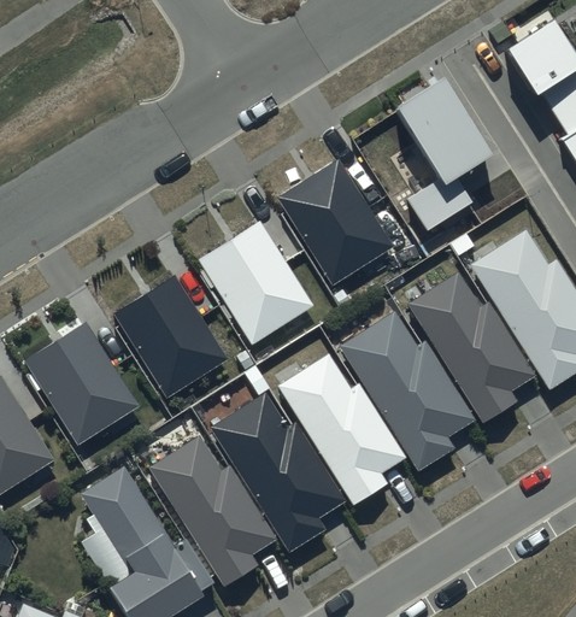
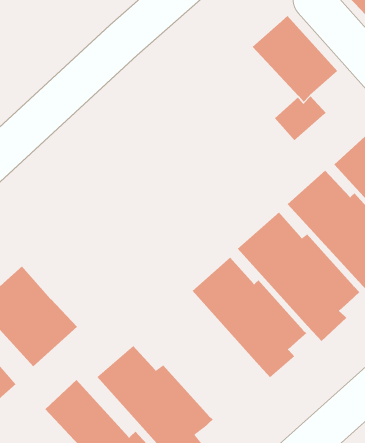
building: [278,158,393,284] -> none
building: [199,222,312,343] -> none
building: [114,275,227,398] -> none
building: [210,392,346,552] -> none

